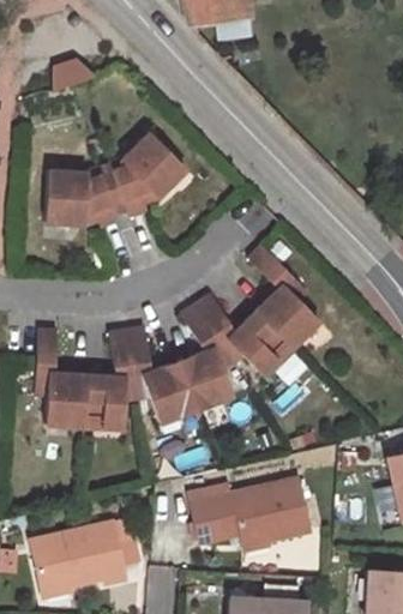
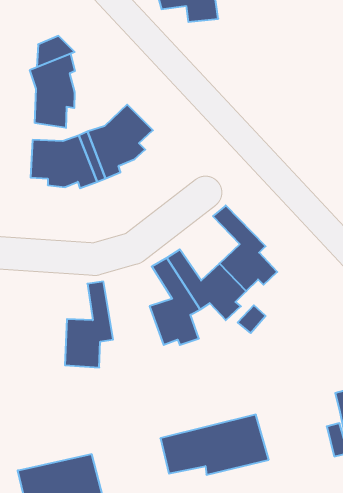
building: none -> [30,54,75,128]
building: [37,329,86,425] -> none
building: [127,329,194,422] -> none

